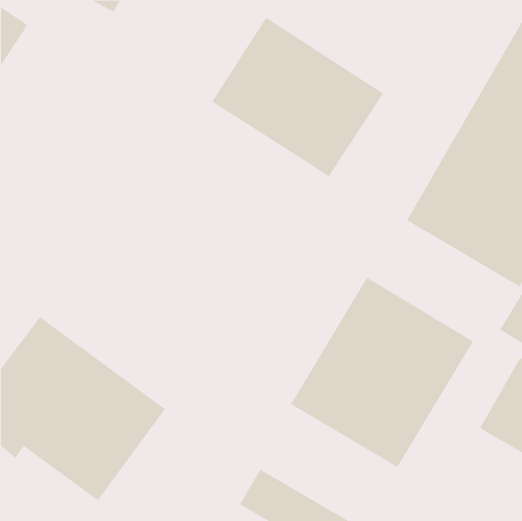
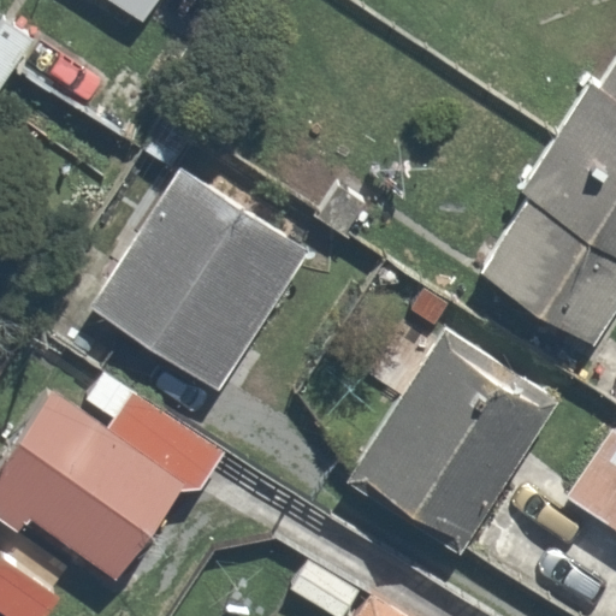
building: [212,17,384,177] -> none
building: none -> [88,159,318,395]

